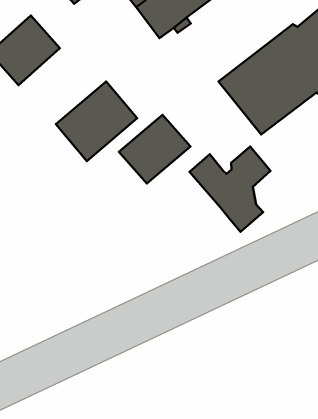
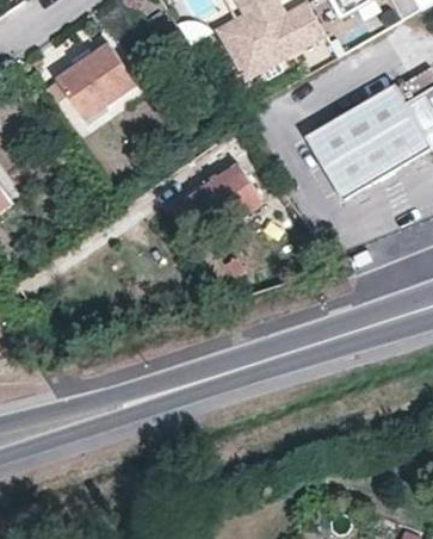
building: [56,81,137,161] -> none
building: [189,146,271,232] -> none

